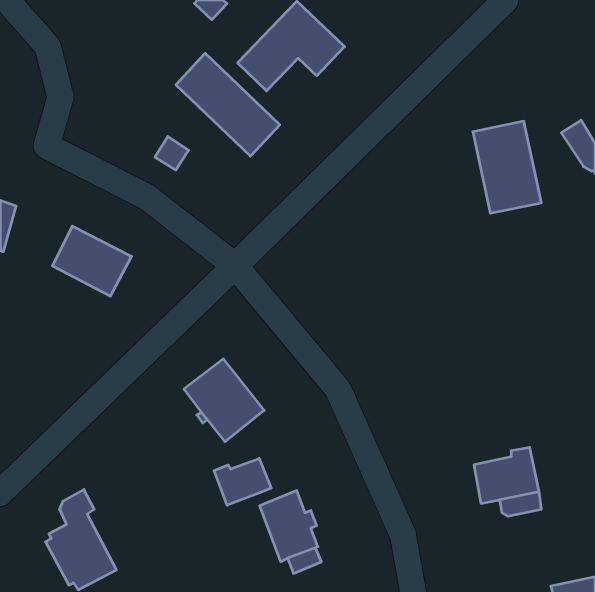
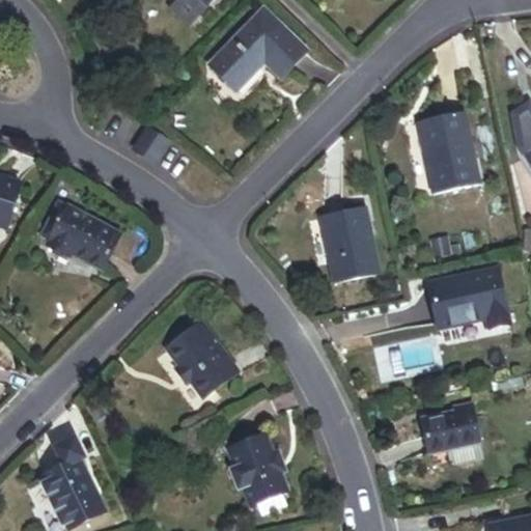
building: [176,53,280,156] -> none
building: none -> [319,205,379,280]
building: none -> [429,270,510,328]
building: [214,458,271,505] -> none

